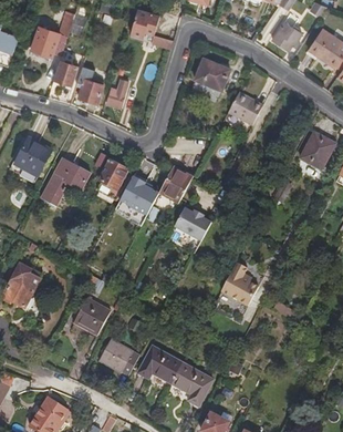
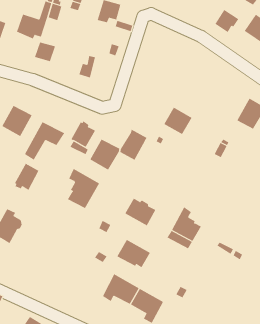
building: [191,56,231,99] -> none
building: [77,65,104,104] -> none
building: [228,91,263,125] -> [164,107,193,135]
building: [172,208,210,243] -> [124,198,156,226]
building: none -> [14,163,39,191]
building: none -> [67,168,100,209]
building: [73,297,111,336] -> none
building: [96,339,138,374] -> [117,239,151,268]

